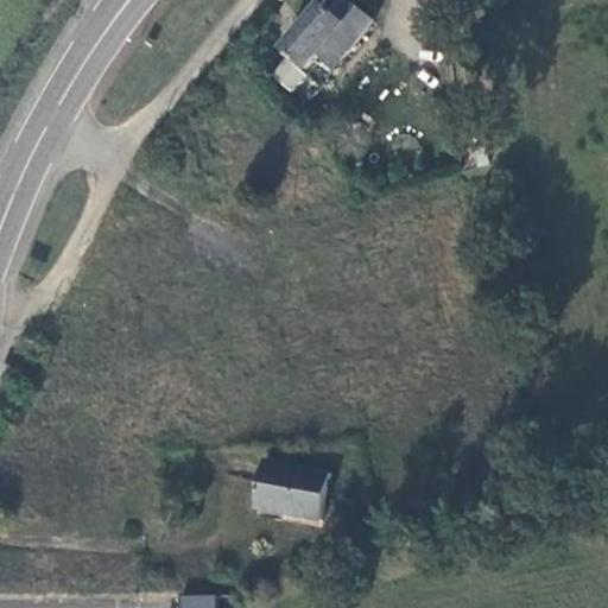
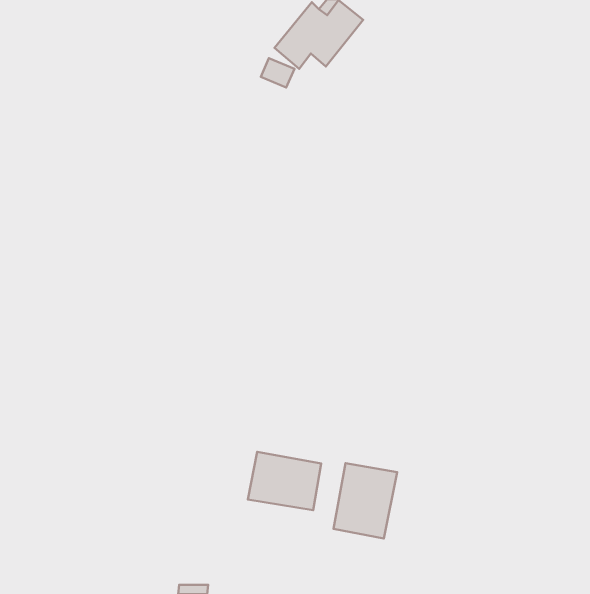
building: none -> [333,463,397,538]

